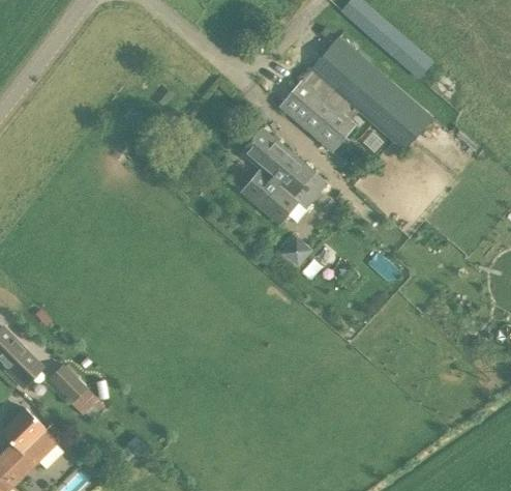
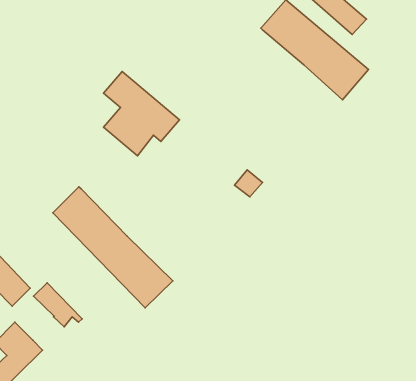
building: [279,71,359,147] -> none
building: [240,127,328,225] -> [103,72,180,156]
building: none -> [53,187,173,308]

